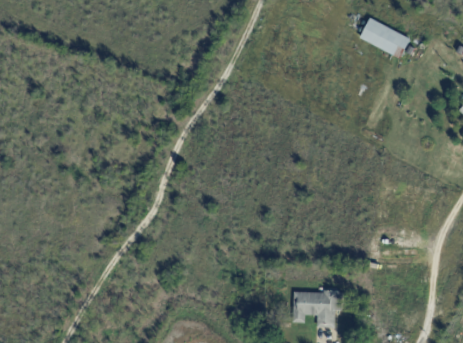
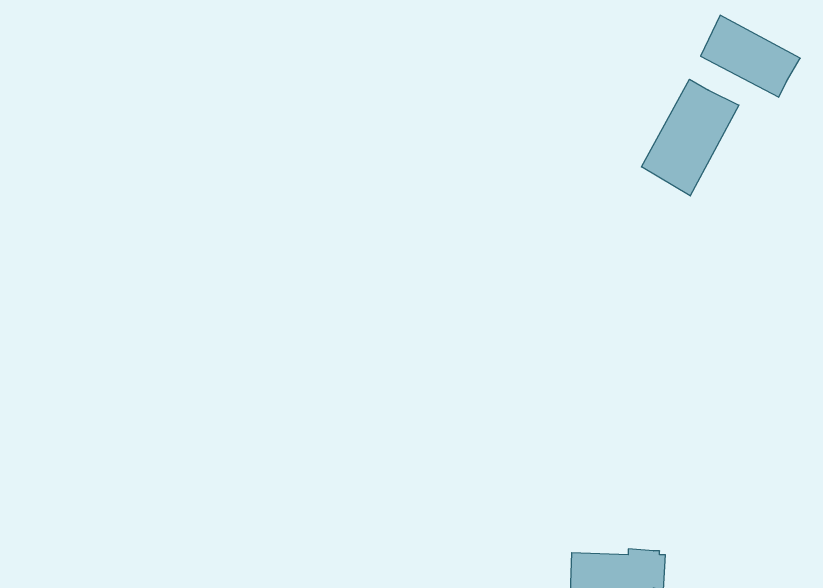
building: none -> [641,79,739,196]

